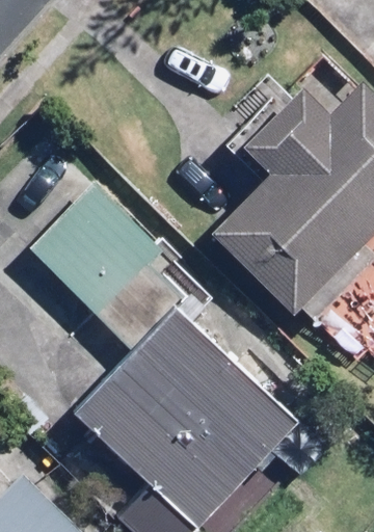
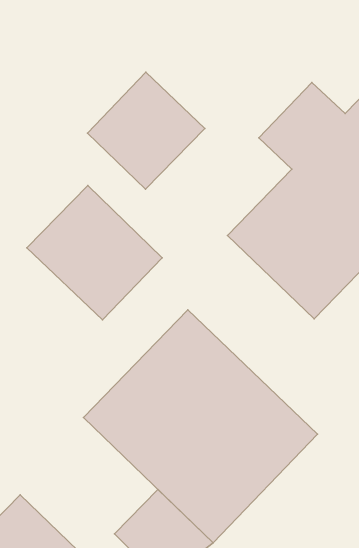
building: none -> [87,72,205,189]

